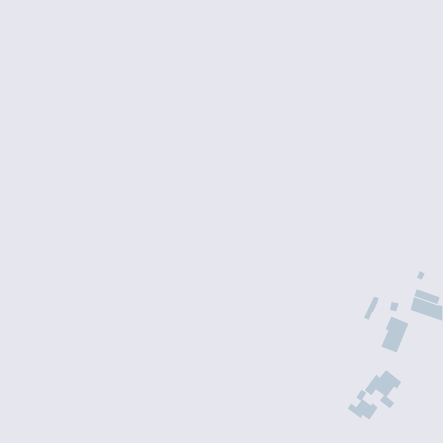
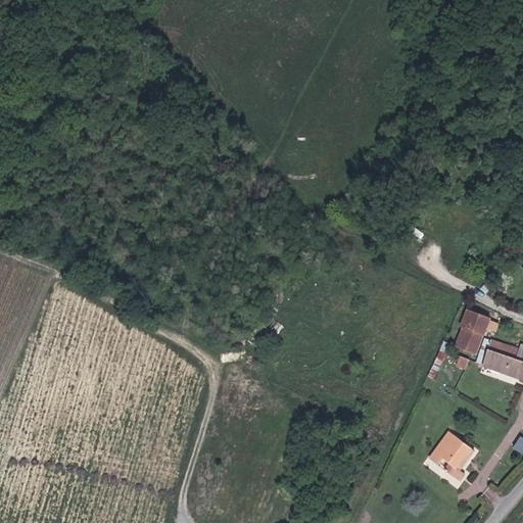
building: [381,316,409,353] -> [455,311,488,354]
building: [347,389,378,420] -> none

